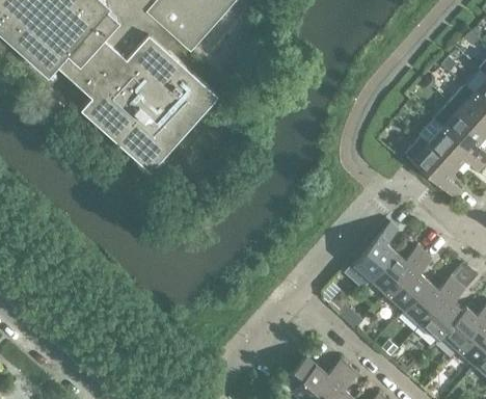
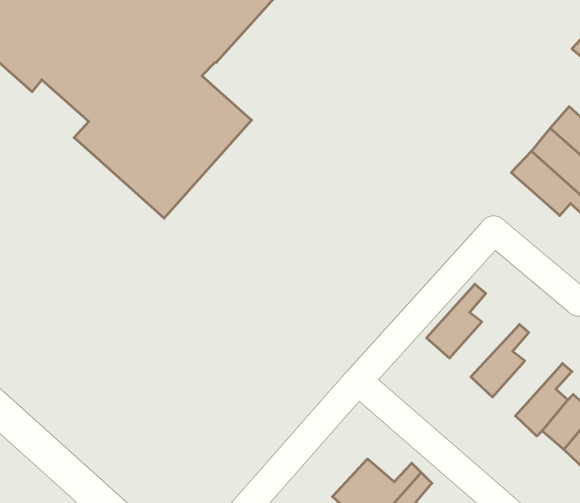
building: [402,136,460,200] -> none
building: [370,247,424,295] -> none
building: [403,277,457,325] -> none

